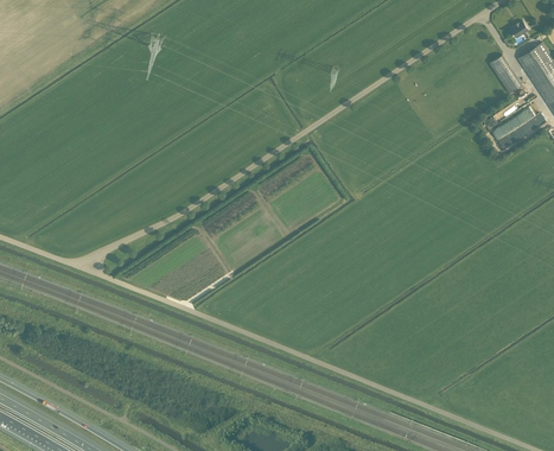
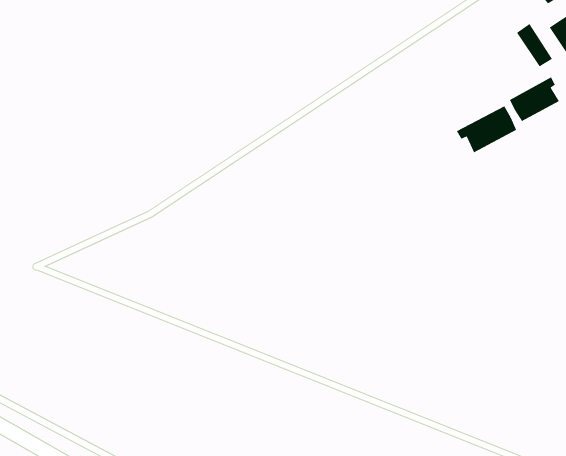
building: none -> [456,105,517,153]

